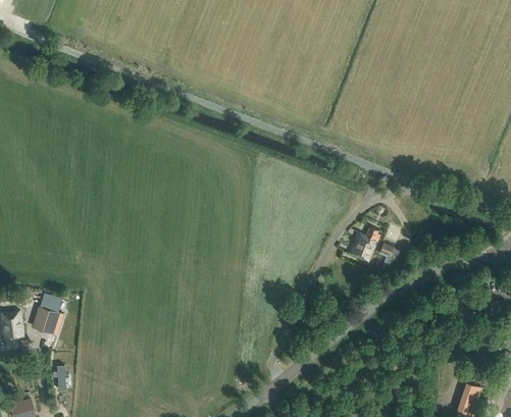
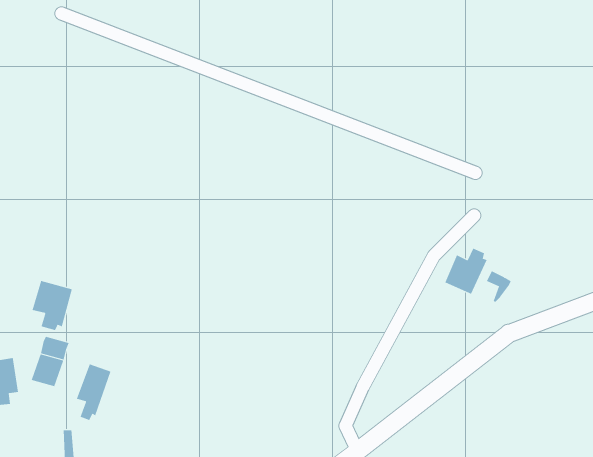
building: none -> [32,280,72,331]
building: none -> [76,363,111,421]

